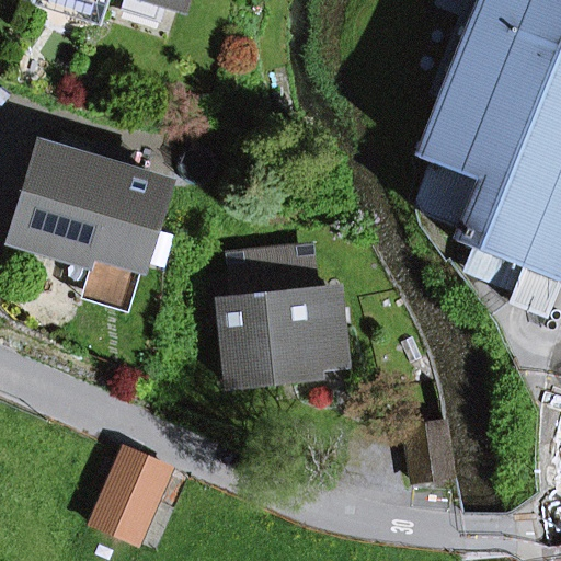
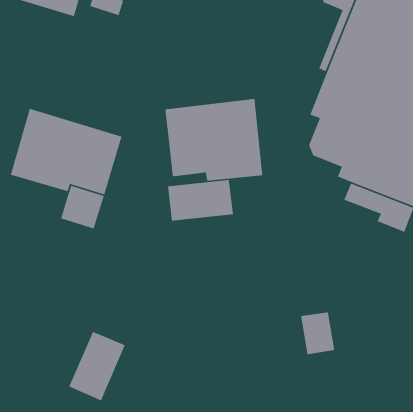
building: none -> [164,98,263,182]
building: [222,288,345,383] -> none

